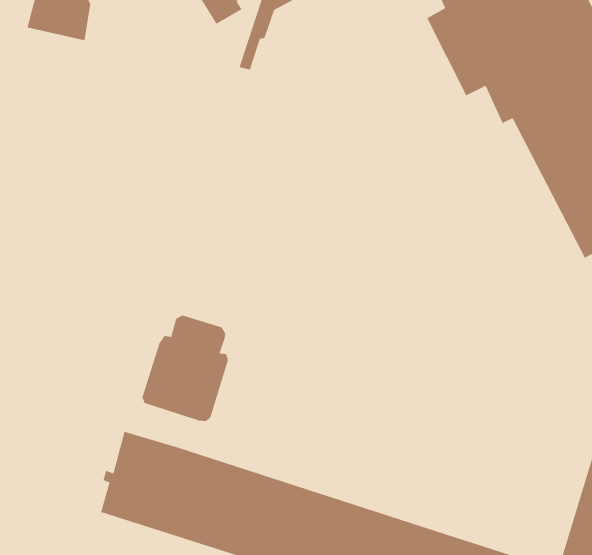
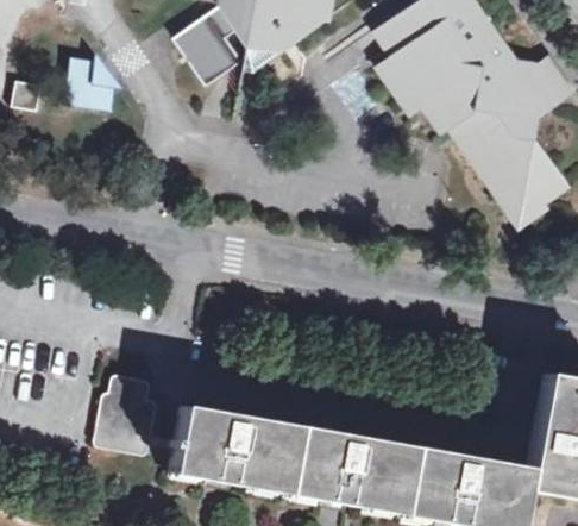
building: [141,314,229,422] -> [93,374,157,455]

